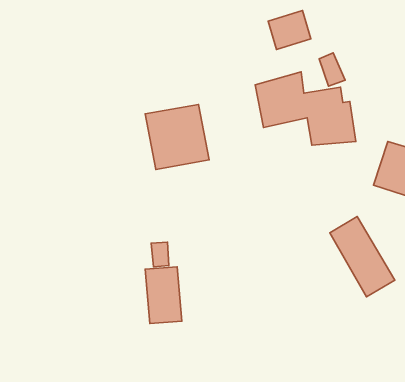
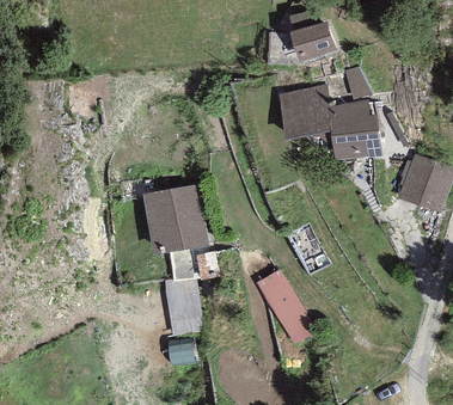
building: [145,104,209,169] -> [143,188,208,253]
building: [330,216,395,297] -> [257,268,323,349]

